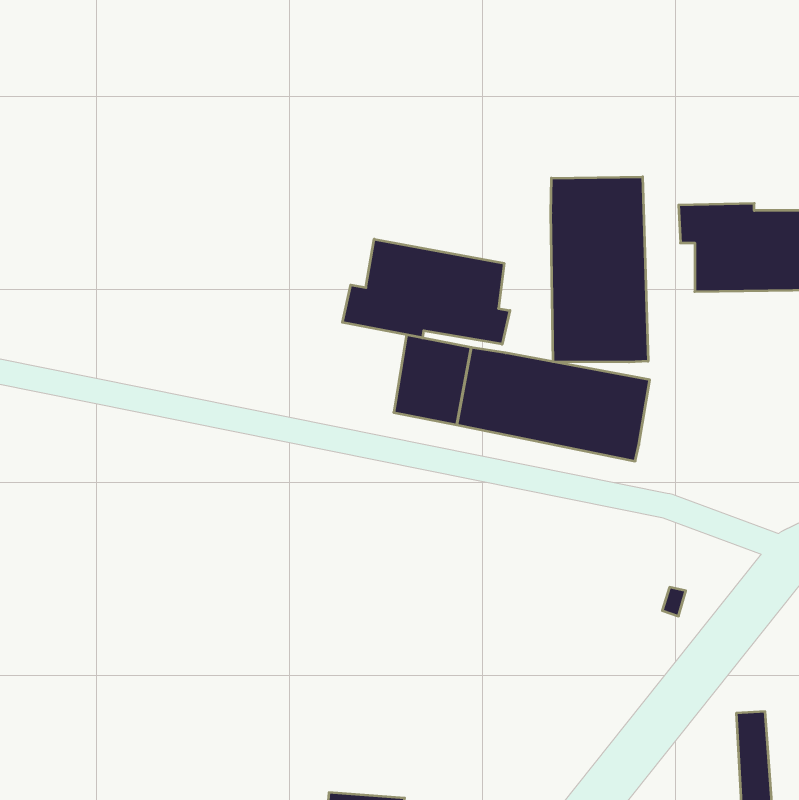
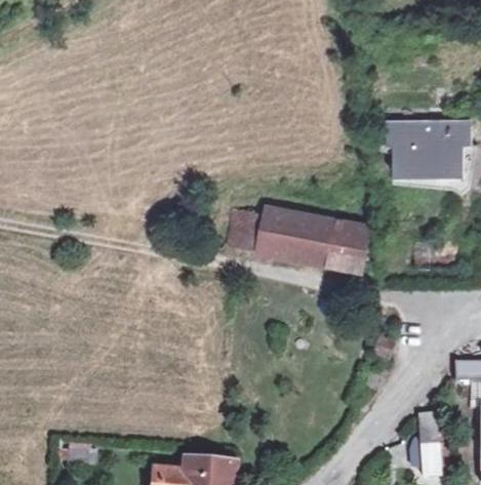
building: [551,177,648,362] -> none
building: [342,239,510,344] -> none

